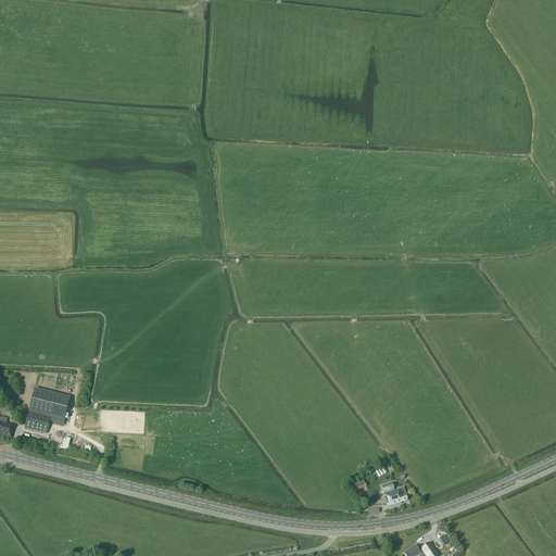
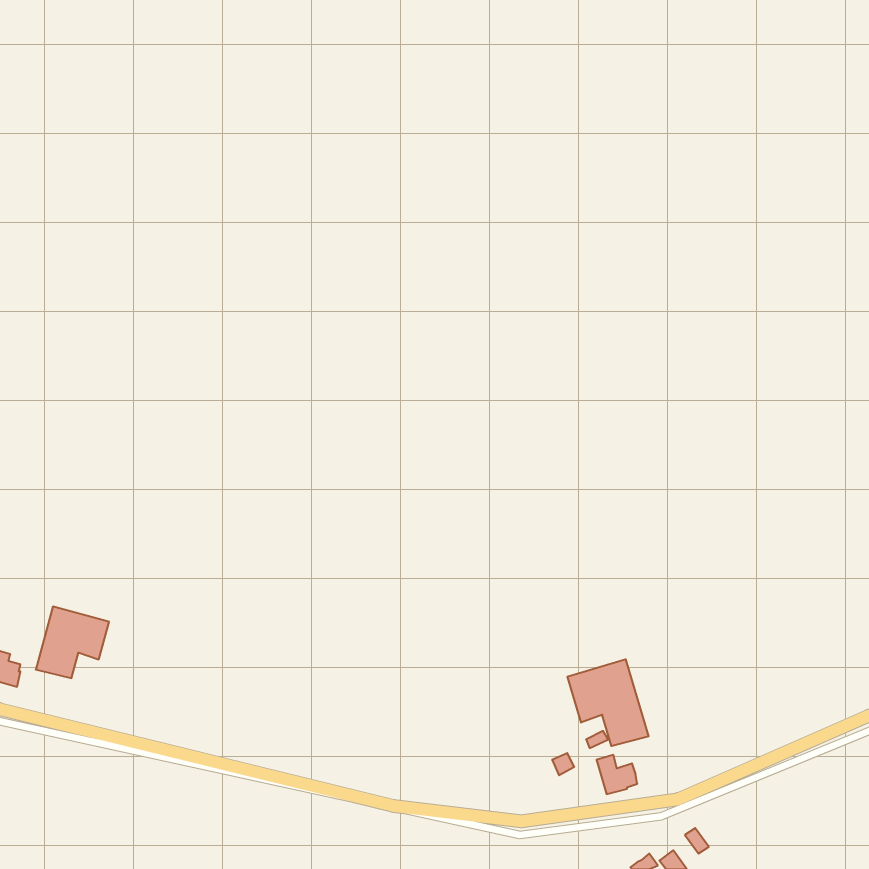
building: none -> [567,659,649,746]

